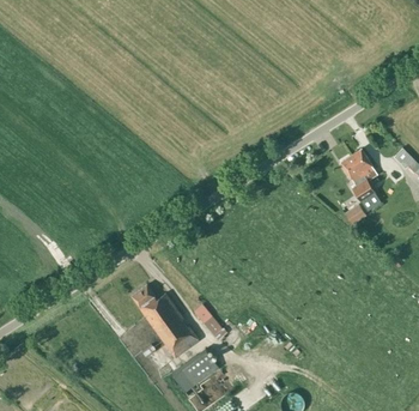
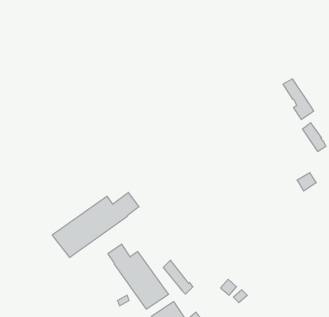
building: [339,156,374,201] -> [283,79,314,119]
building: none -> [52,192,139,258]

